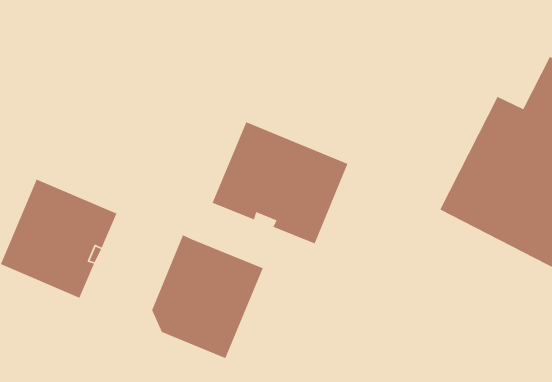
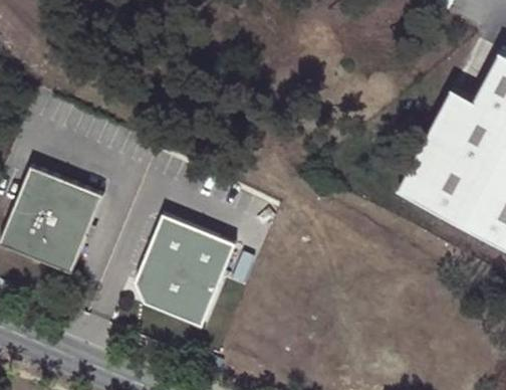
building: [212,121,349,245] -> none

